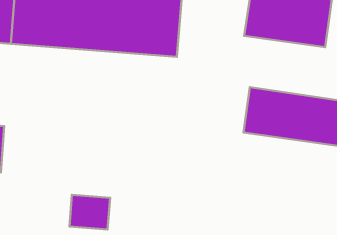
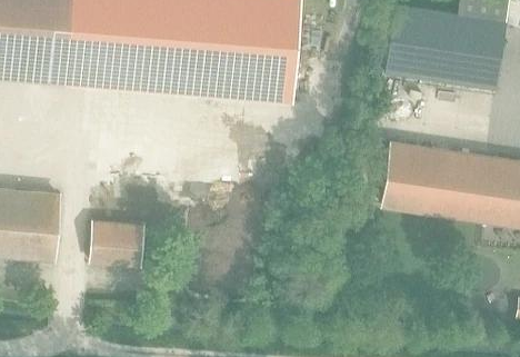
building: [70,195,110,230] -> [89,221,144,269]

